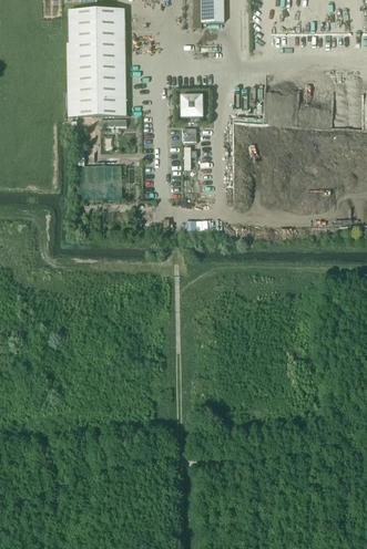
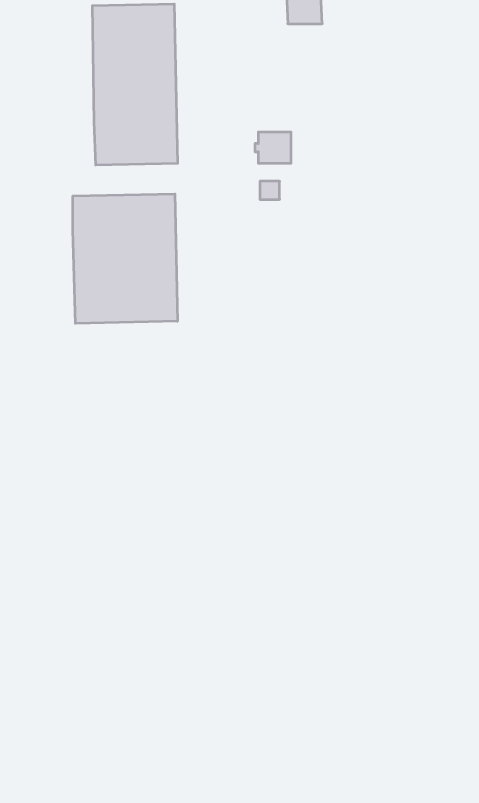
building: none -> [73,194,177,323]

